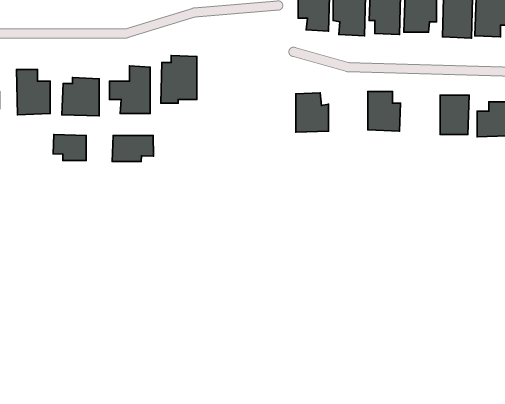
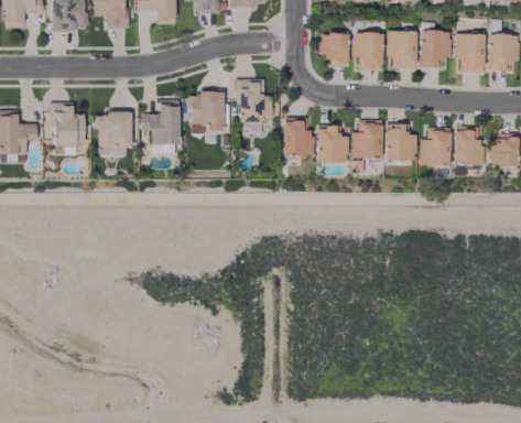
building: none -> [237,78,272,122]
building: none -> [283,117,314,155]
building: none -> [351,120,382,158]
building: none -> [419,127,451,165]
building: [53,135,86,161] -> none
building: [112,135,154,162] -> none

